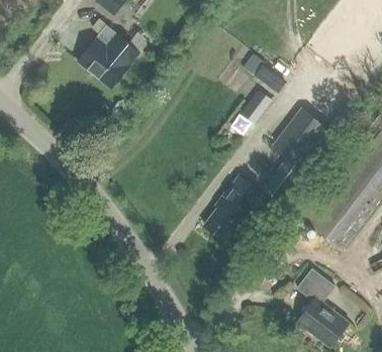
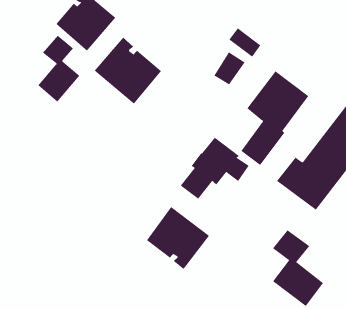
building: none -> [38,35,80,103]
building: none -> [94,37,162,105]
building: none -> [146,206,210,270]

